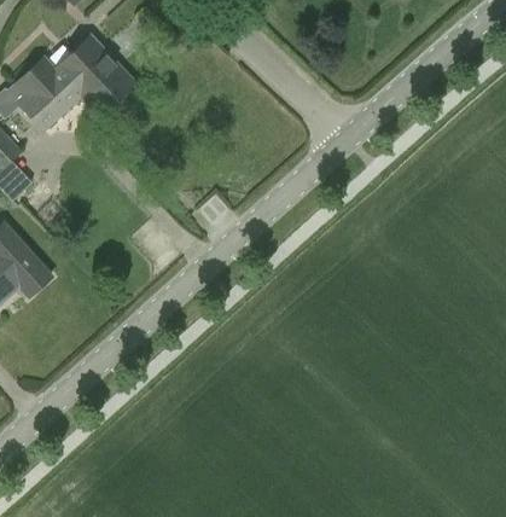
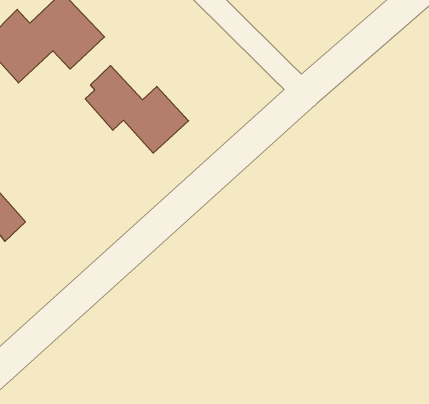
building: none -> [85,66,189,153]

